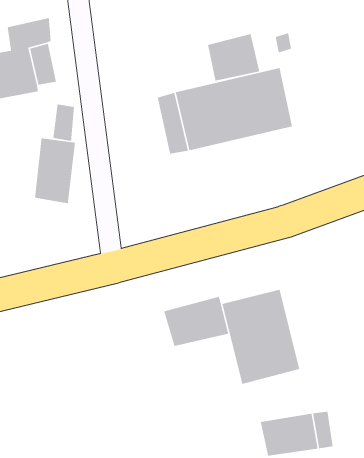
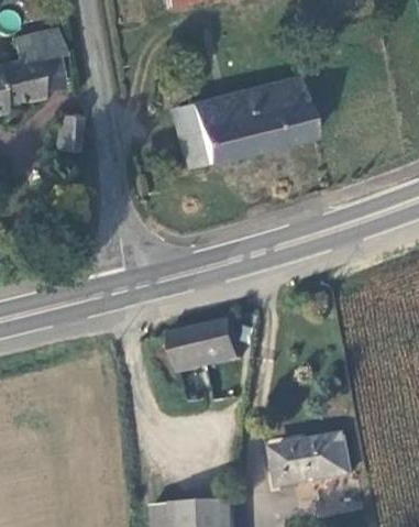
building: [207,33,260,82] -> none
building: [34,137,76,204] -> none
building: [221,289,300,385] -> none

